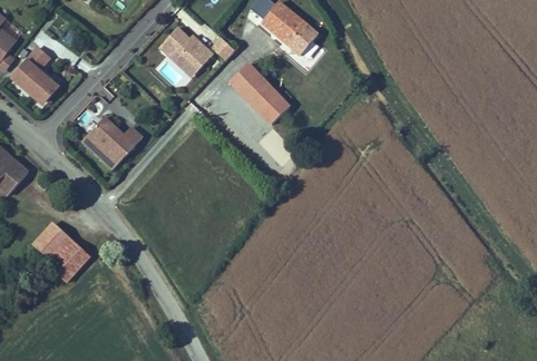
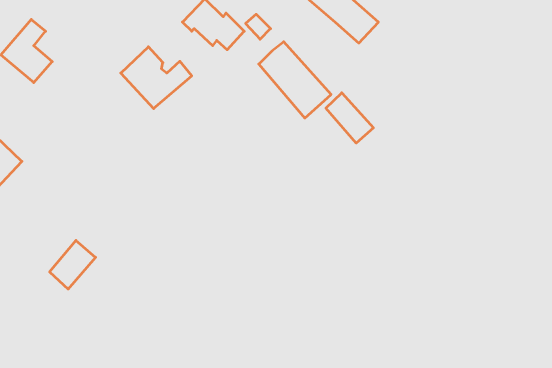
building: none -> [326,93,373,143]
building: [82,115,143,167] -> [121,47,192,109]
building: [38,218,78,263] -> none

